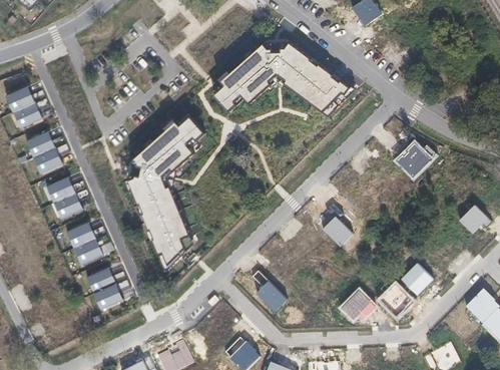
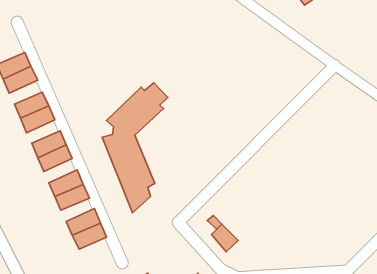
building: [214,42,350,113] -> none
building: [393,137,437,178] -> none
building: [321,215,353,245] -> none
building: [400,261,433,295] -> none
building: [376,279,415,319] -> none
building: [338,286,377,320] -> none

